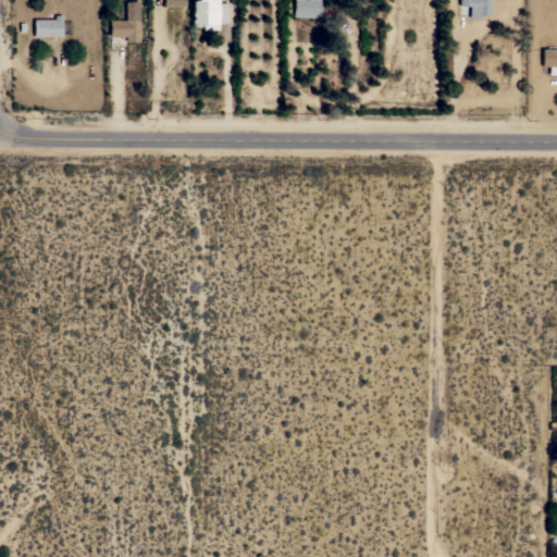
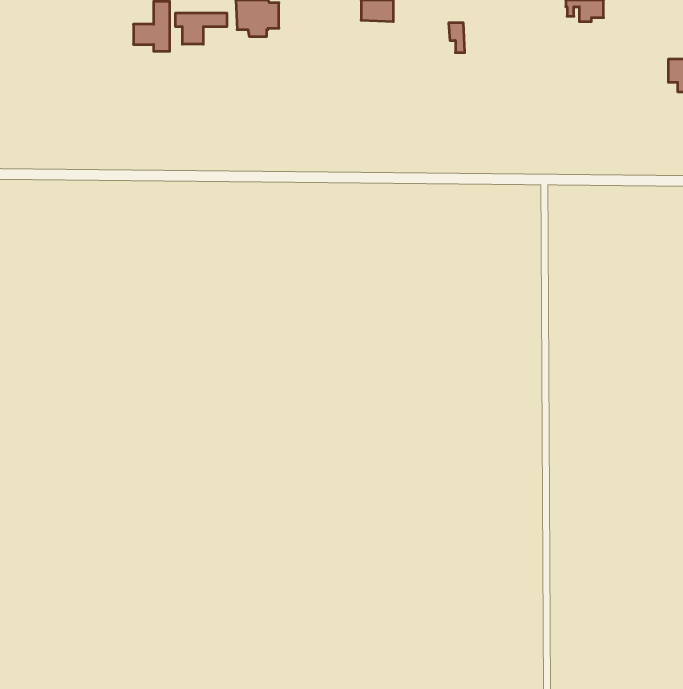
building: none -> [176,13,227,44]
building: [36,15,65,36] -> none

